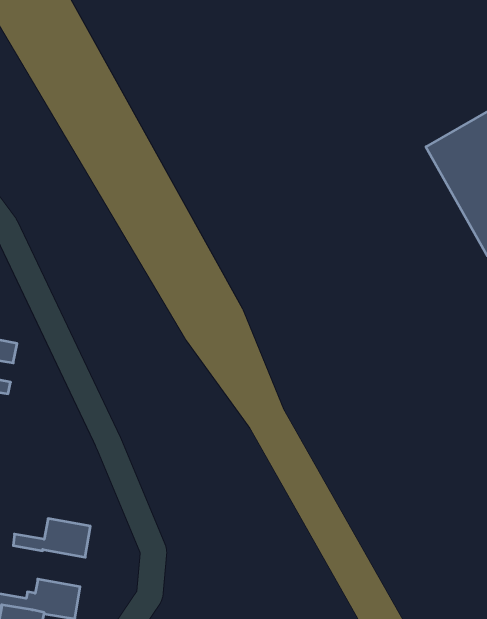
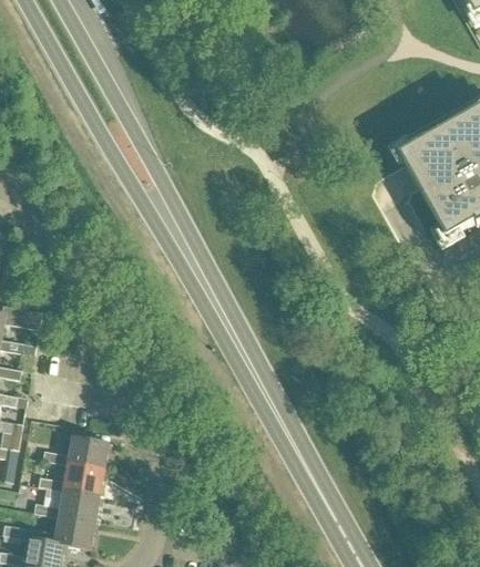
building: none -> [42,437,109,471]
building: none -> [33,491,100,523]

